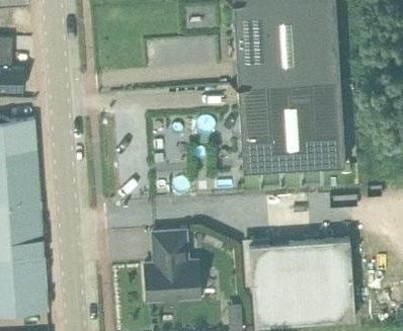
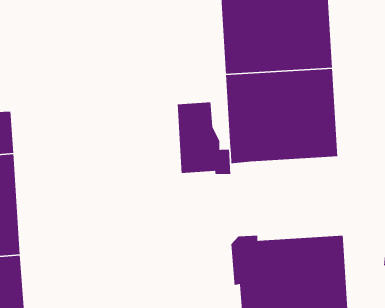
building: none -> [177,101,231,175]
building: [145,231,199,301] -> none

